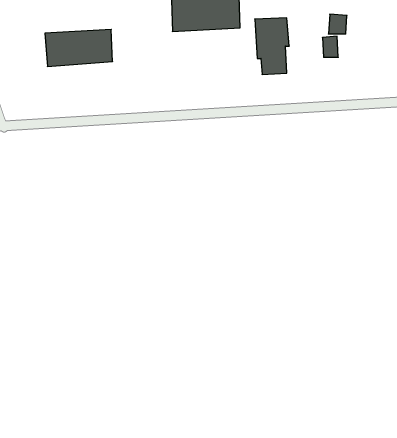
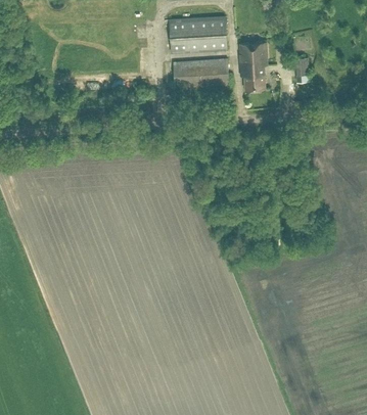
building: [45,29,113,66] -> [172,59,228,90]

